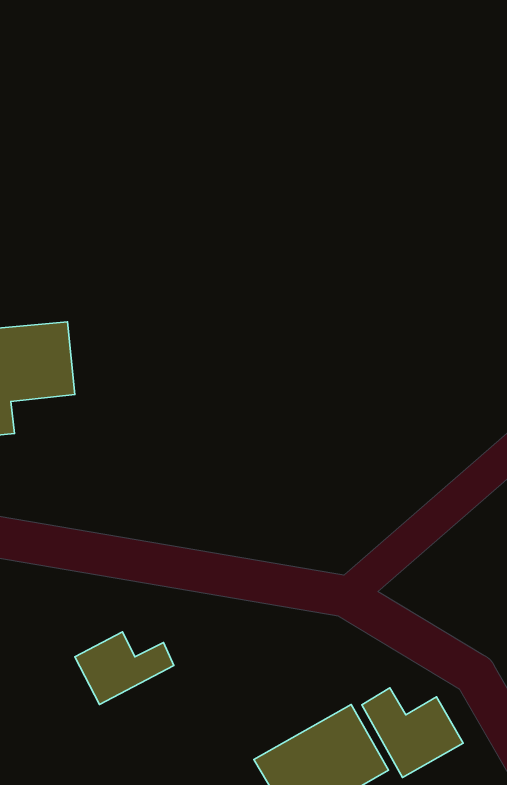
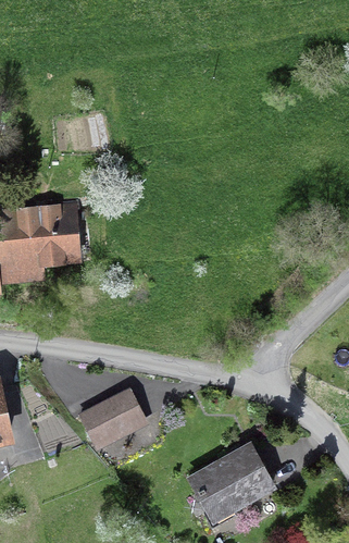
building: [362,688,463,778] -> none

